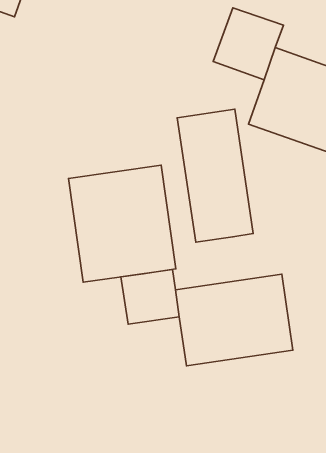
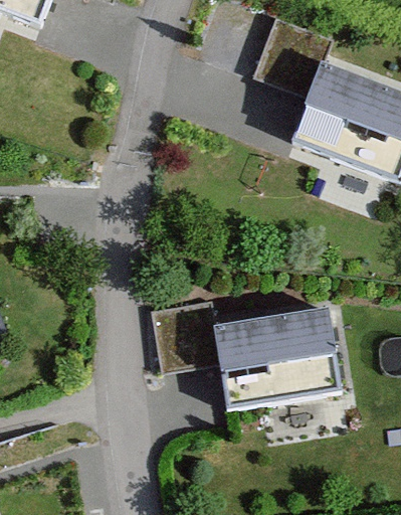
building: [177,109,253,242] -> none
building: [68,165,176,282] -> none

